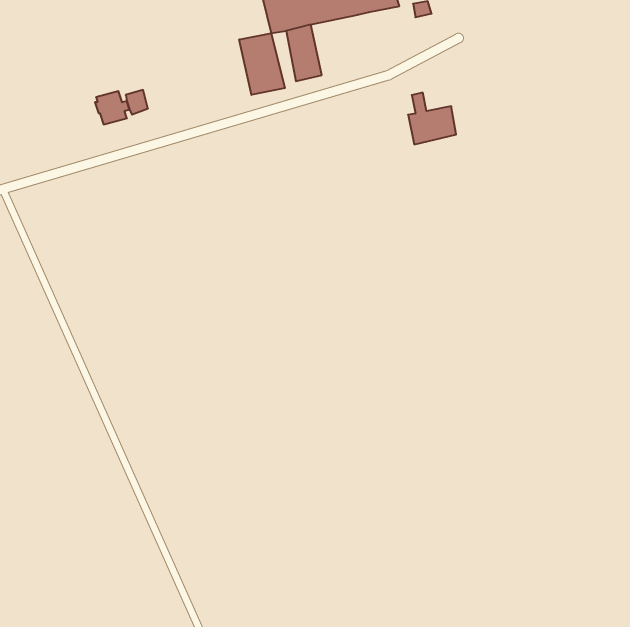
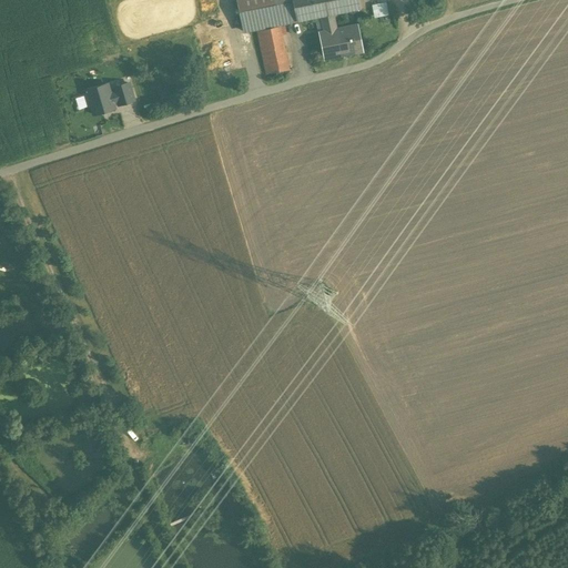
building: [239,33,285,95] -> none
building: [408,93,456,144] -> [318,11,362,58]

